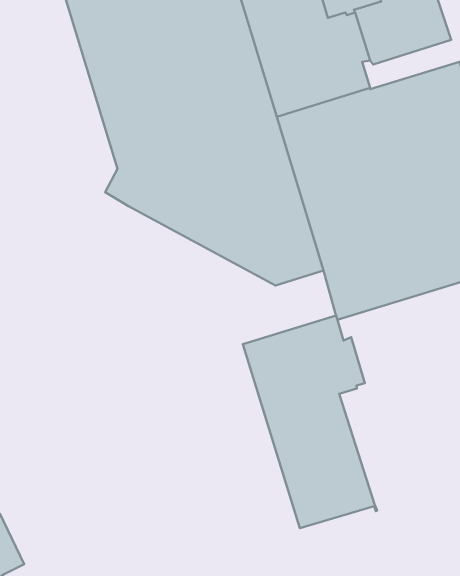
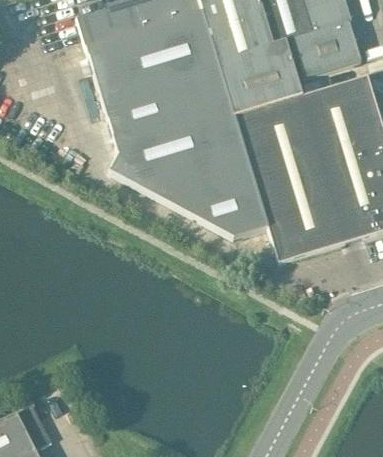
building: [243,316,377,528] -> none

